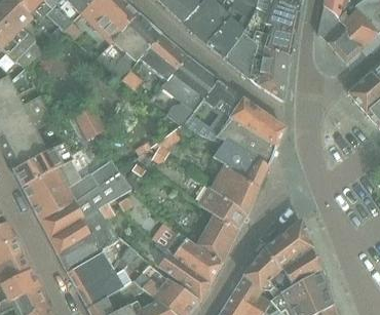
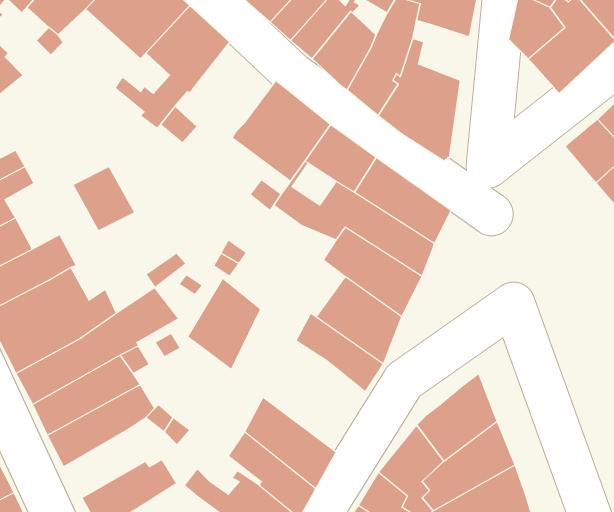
building: [263,21,295,54] -> none
building: [141,33,186,79] -> none
building: [195,211,236,263] -> [188,278,261,370]
building: [67,249,113,288] -> none

